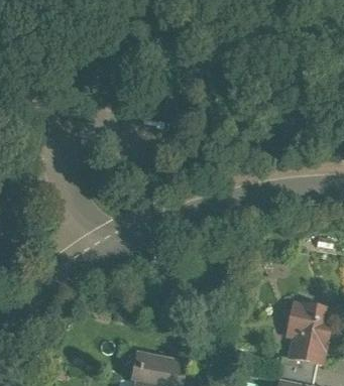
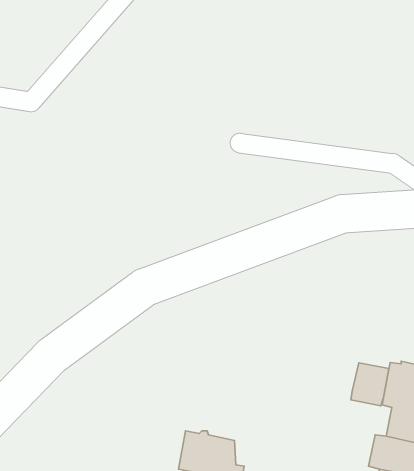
building: none -> [351,363,389,406]

